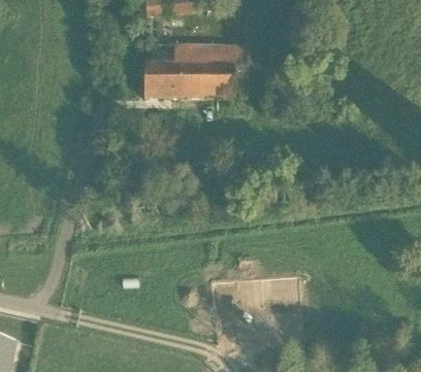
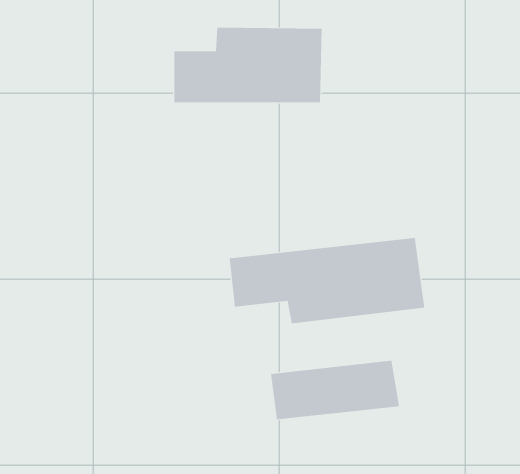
building: none -> [229,237,425,324]

